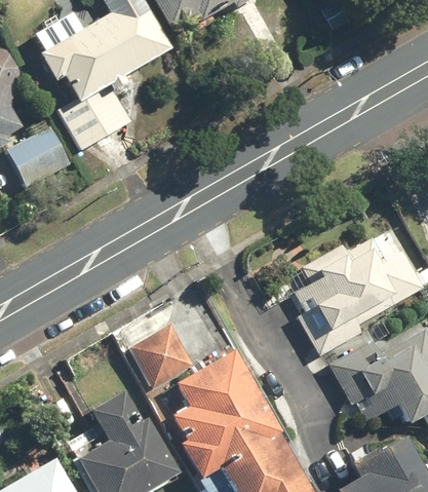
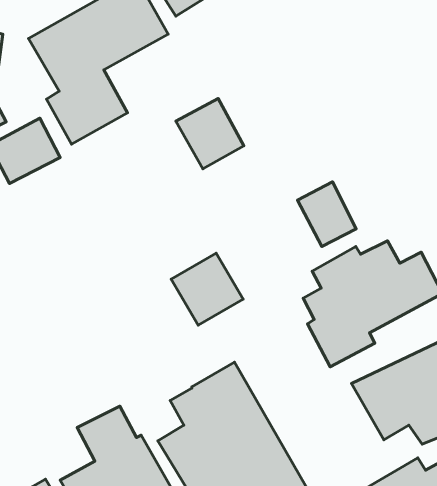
building: none -> [176,99,244,169]
building: none -> [297,182,356,246]
building: [127,323,193,388] -> [171,253,243,325]

